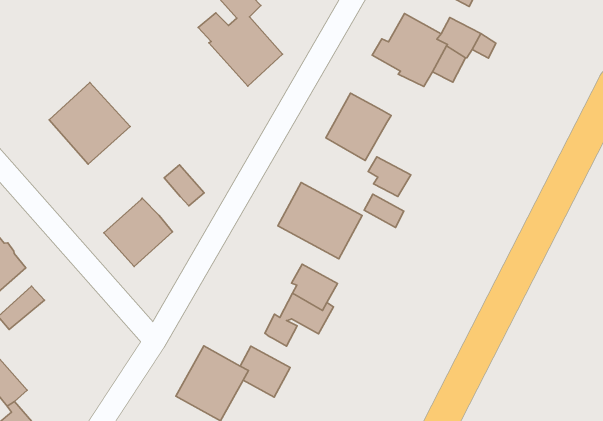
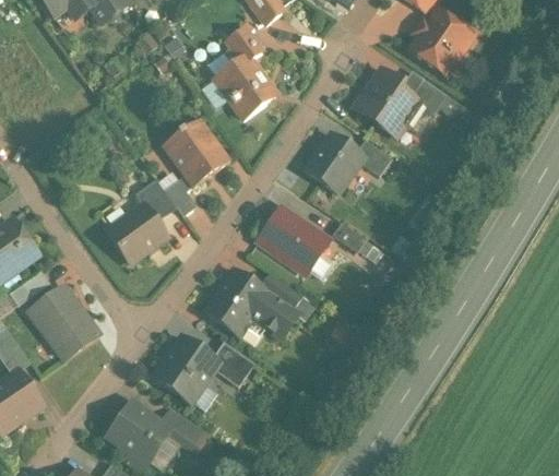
building: [49,82,130,164] -> [162,119,230,189]
building: [368,157,411,197] -> [356,140,392,176]
building: none -> [133,179,176,222]
building: none -> [204,271,267,335]
building: none -> [29,287,98,359]

